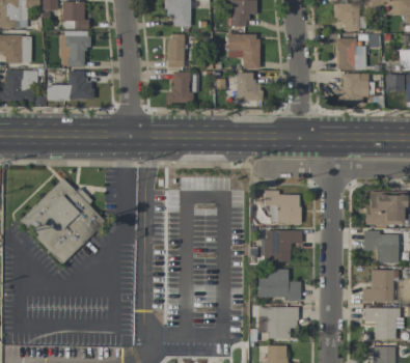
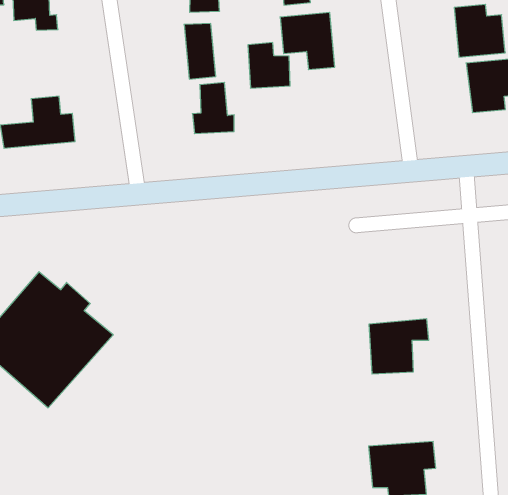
building: [59,31,89,66] -> none
building: [236,73,262,101] -> [248,43,290,88]
building: [264,190,300,224] -> none
building: [257,269,300,301] -> none

